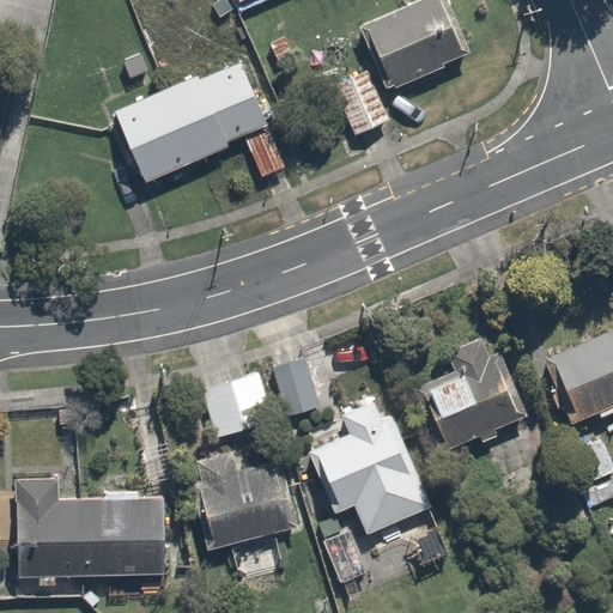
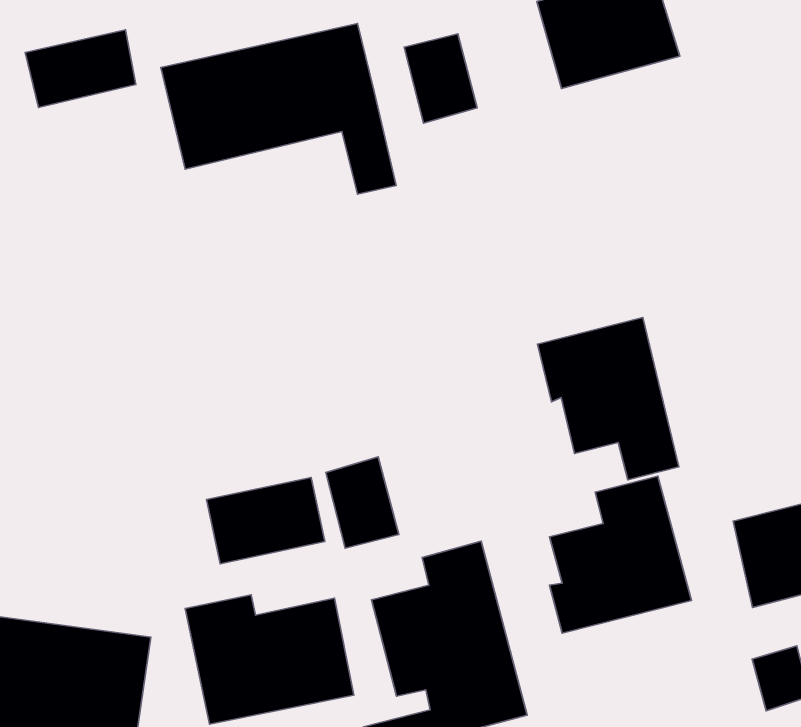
building: [333,72,388,135] -> [404,34,477,123]
building: none -> [25,30,136,107]
building: none -> [537,318,679,480]

